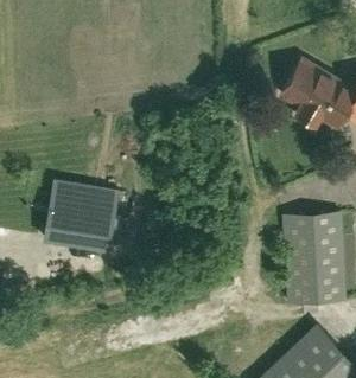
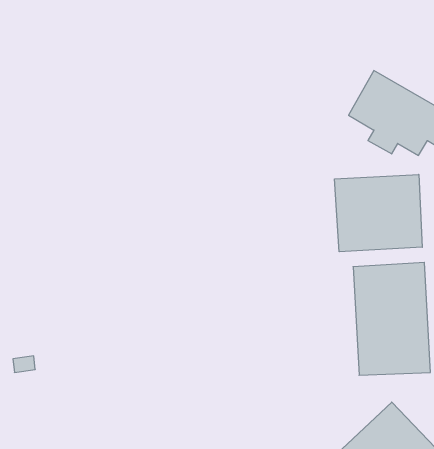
building: none -> [335,174,422,252]
building: [46,181,120,248] -> none

